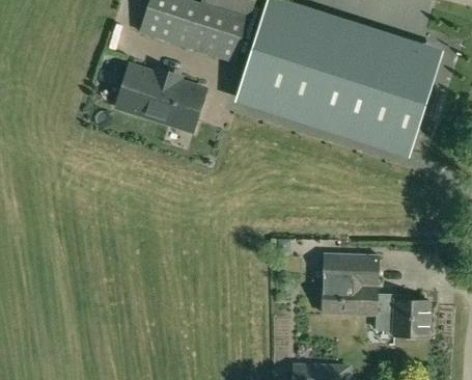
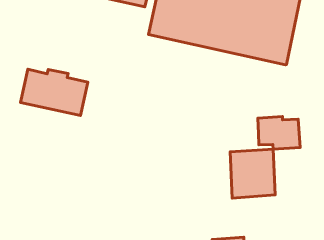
building: [116,65,204,131] -> [20,69,88,116]
building: [376,295,428,337] -> [258,117,300,149]

